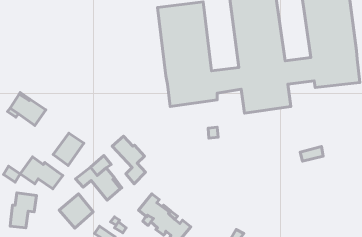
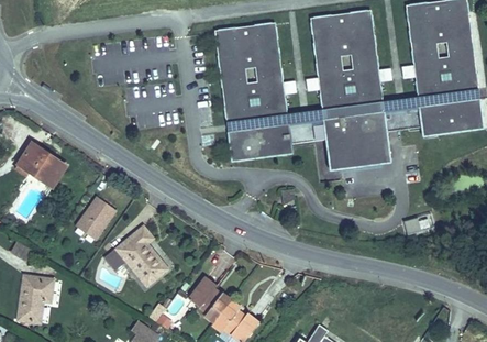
building: [112,136,146,184] -> none
building: [20,157,63,189] -> none
building: [59,194,93,228] -> none

